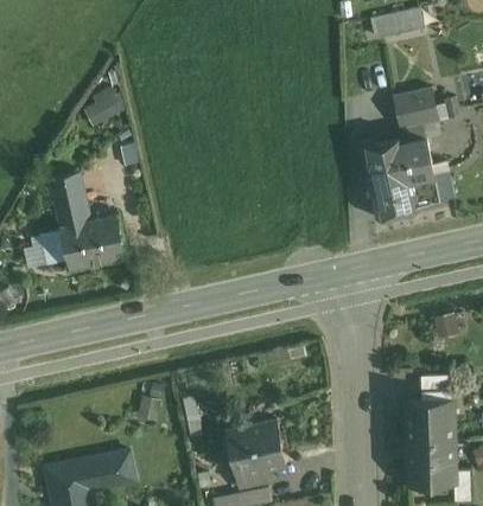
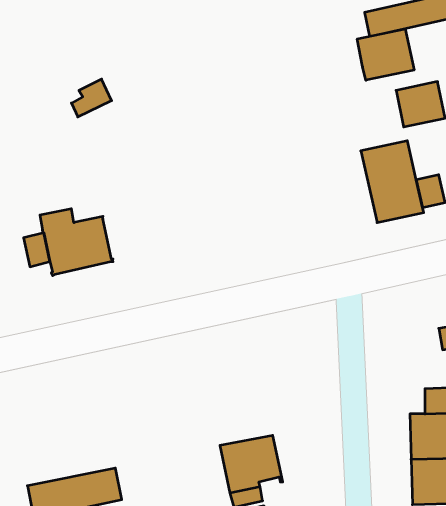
building: none -> [357,29,414,80]
building: [405,137,434,179] -> none
building: [50,171,88,212] -> none

